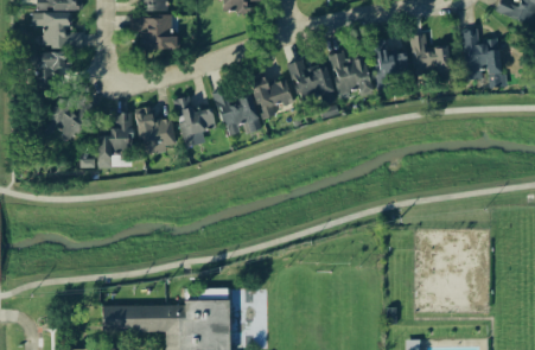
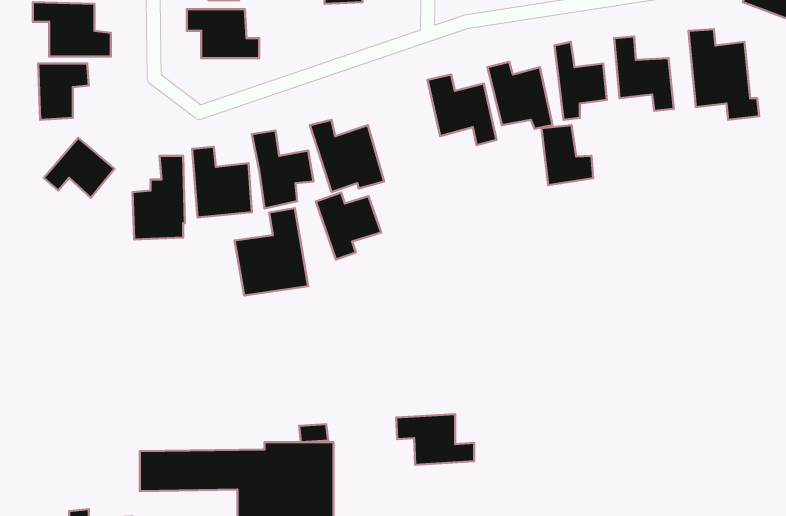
building: [250,76,293,120] -> [316,193,381,260]
building: none -> [541,125,593,185]
building: none -> [234,208,308,296]
building: none -> [396,414,474,465]

